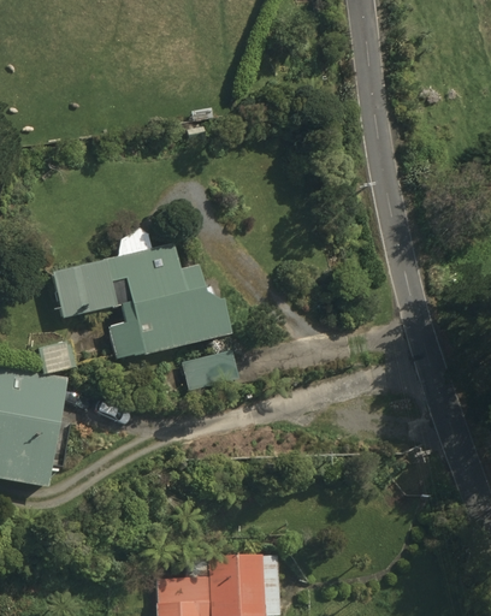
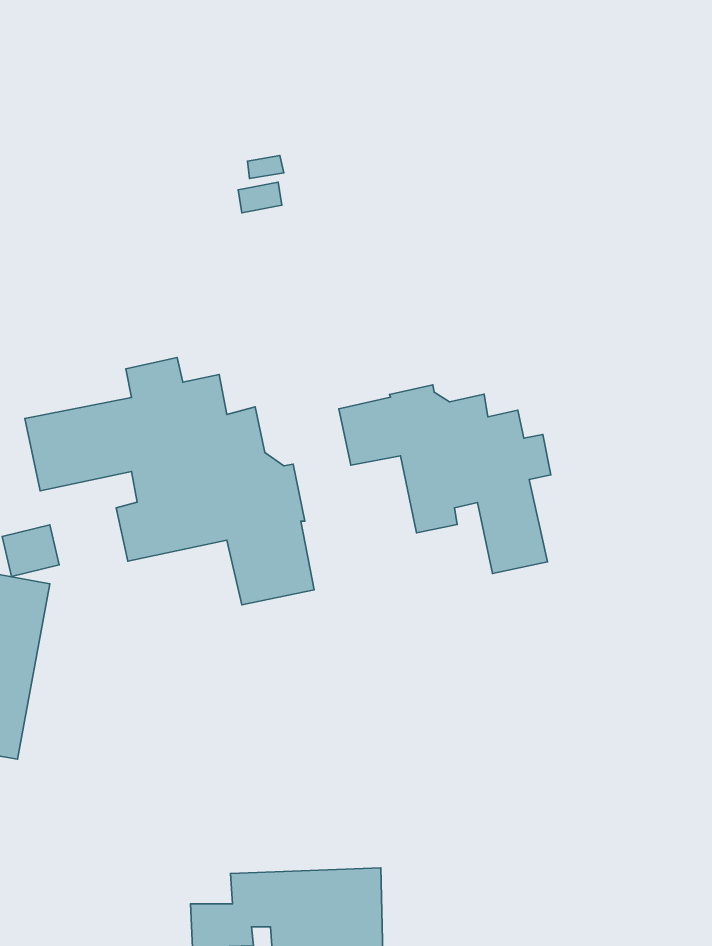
building: none -> [339,385,551,574]

